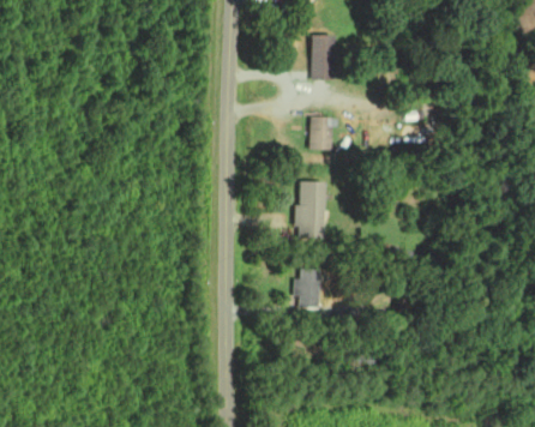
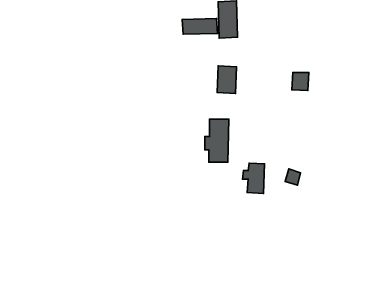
building: none -> [182,19,217,34]
building: [293,269,320,307] -> [243,163,264,194]

